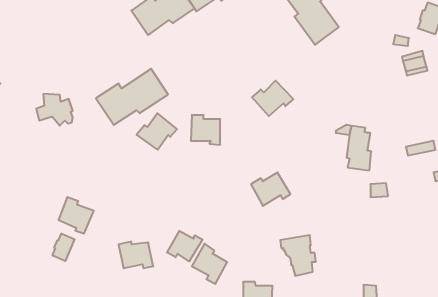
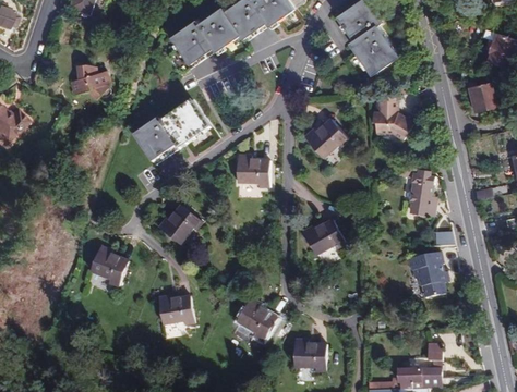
building: none -> [371,95,412,138]
building: [36,94,73,126] -> [69,63,109,98]
building: [137,113,177,150] -> [157,204,202,244]
building: [167,231,202,261] -> none
building: [53,233,75,261] -> none
building: [280,235,316,276] -> [407,250,446,295]

